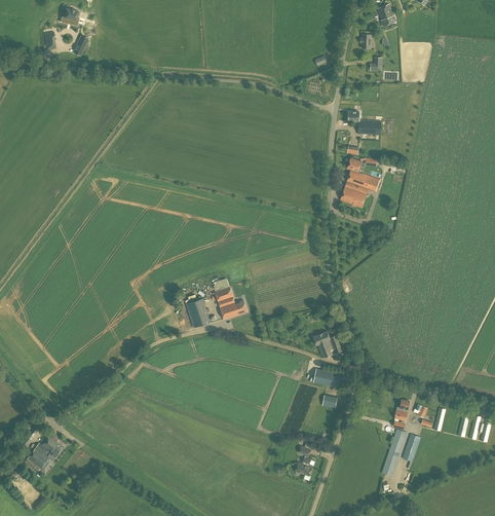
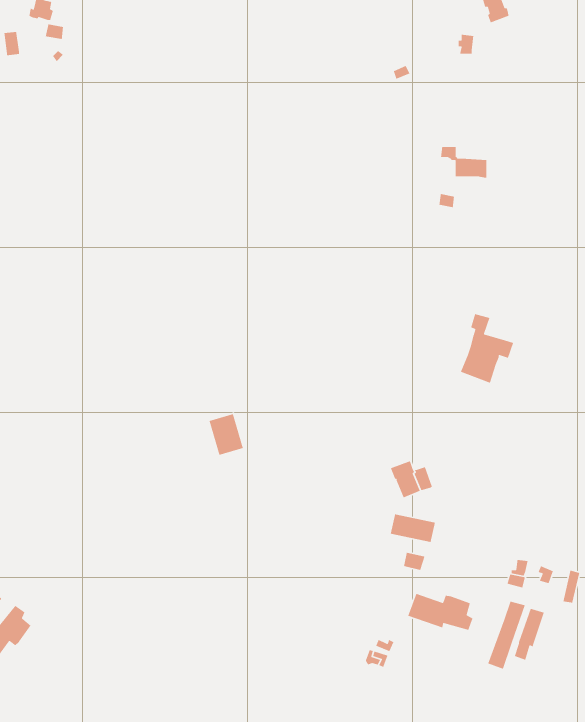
building: [339,158,377,208] -> [460,313,514,384]
building: [215,287,246,319] -> none
building: none -> [407,593,473,631]

